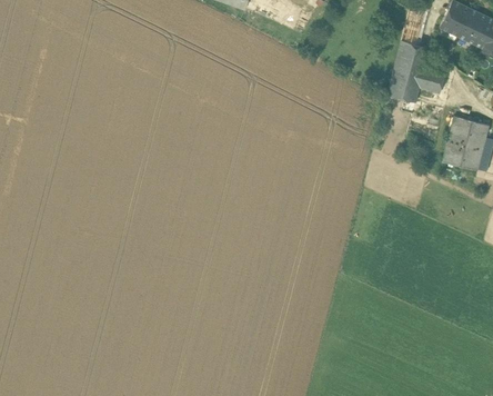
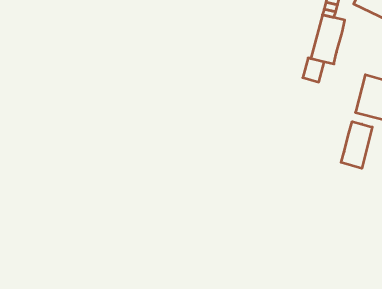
building: [419,62,445,92] -> [303,58,324,82]
building: none -> [341,122,372,168]

